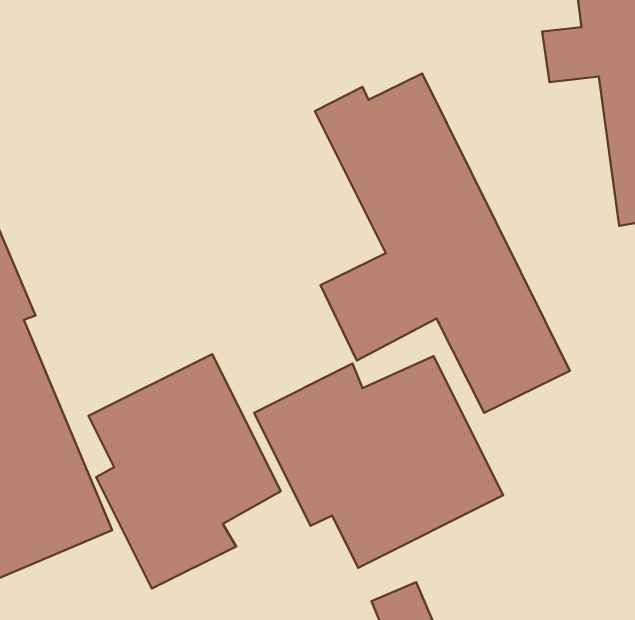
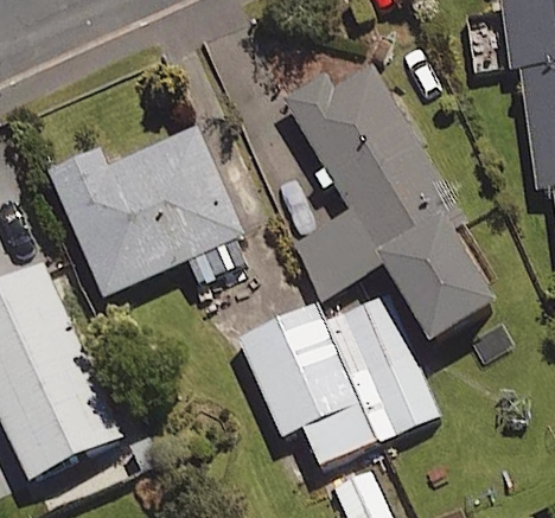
building: none -> [51,128,253,295]
building: [89,354,281,589] -> none

